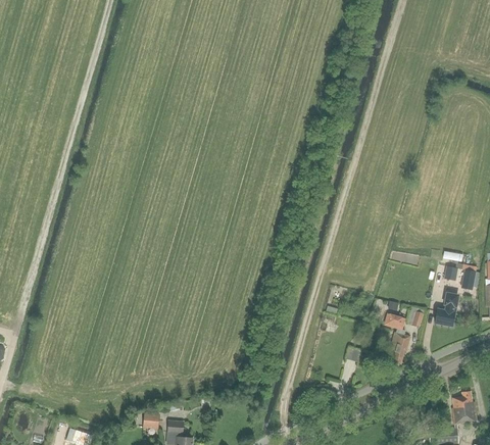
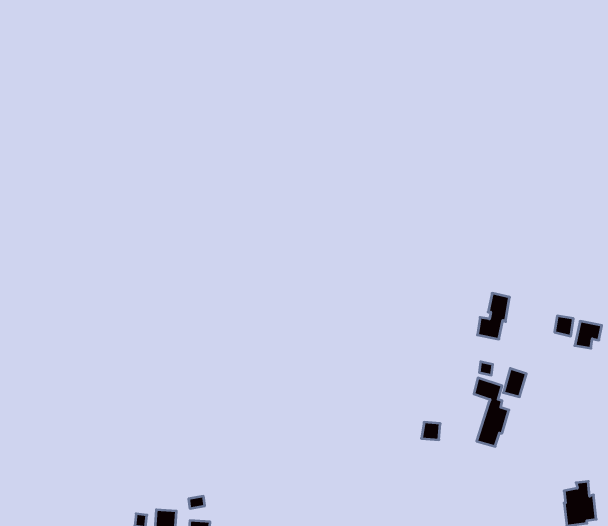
building: [434,291,458,326] -> [477,293,510,339]

